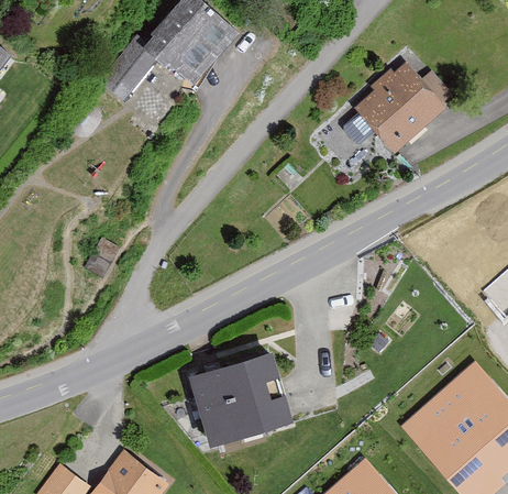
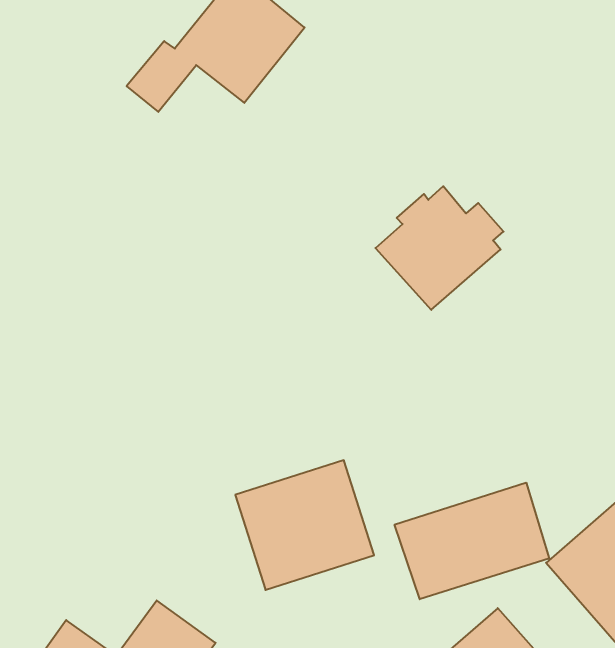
building: [351,64,444,154] -> [375,186,504,310]
building: none -> [395,483,549,599]

